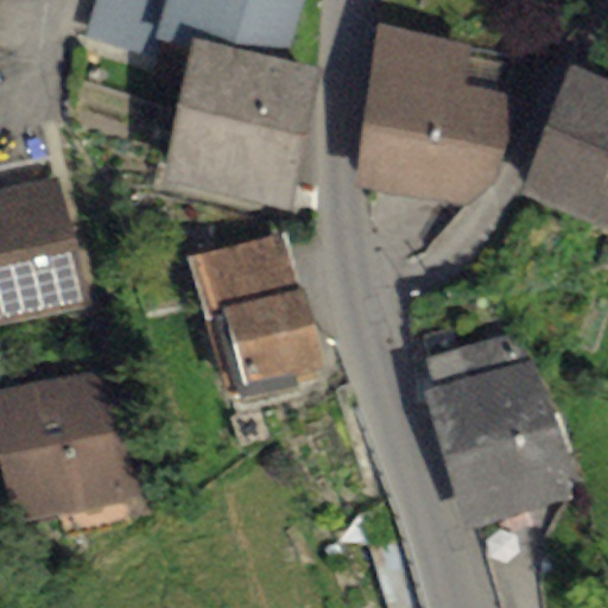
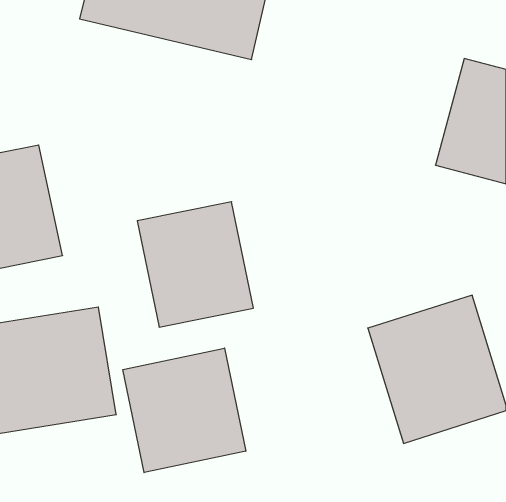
building: [369,27,522,197] -> none
building: [126,48,308,211] -> none
building: none -> [123,348,246,473]

